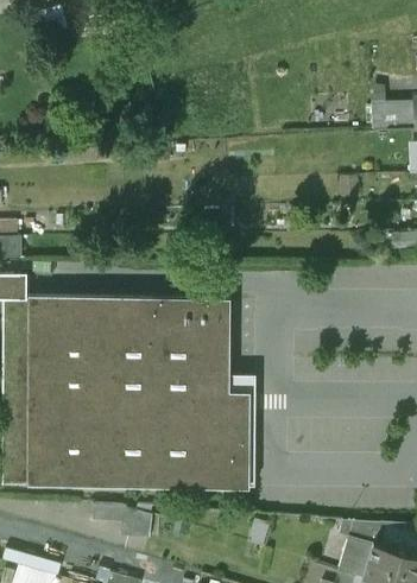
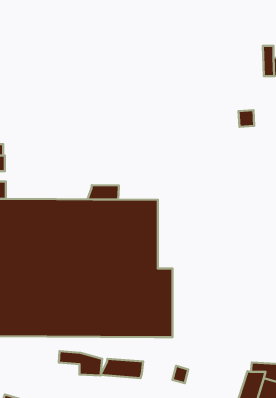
building: none -> [87,185,119,200]
building: none -> [101,359,143,378]

